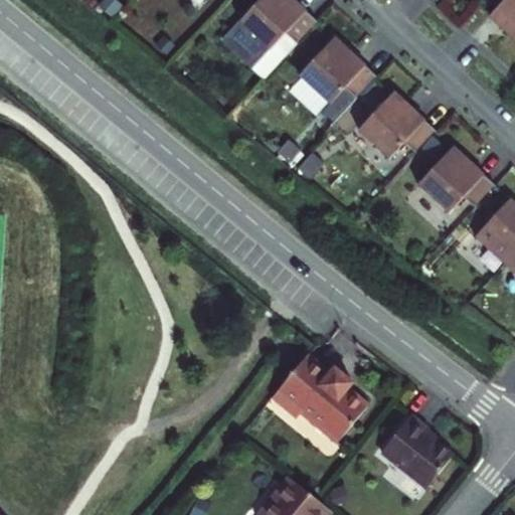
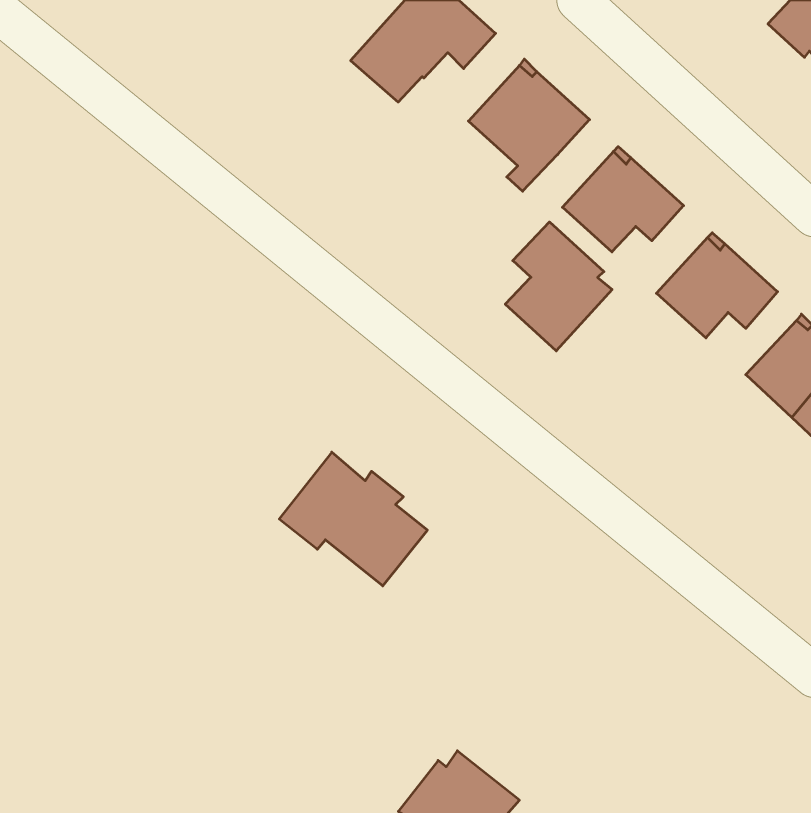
building: none -> [505,222,612,351]
building: [274,351,367,436] -> [279,452,427,586]
building: [378,410,449,484] -> none

